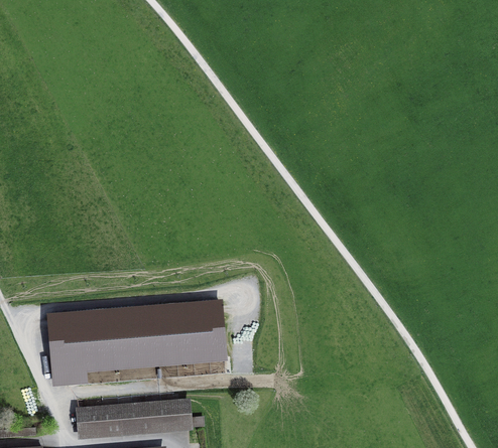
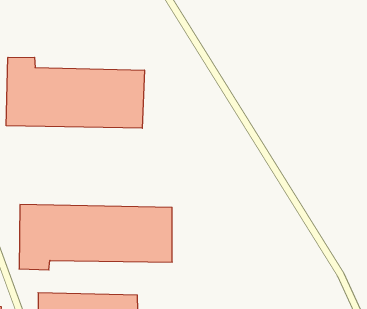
building: none -> [6,57,144,128]

